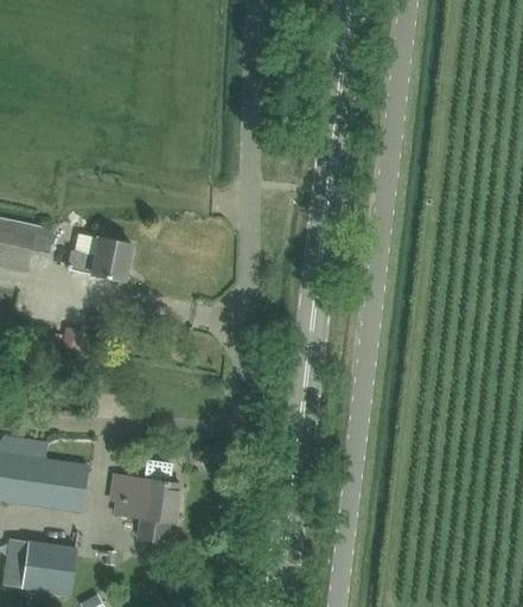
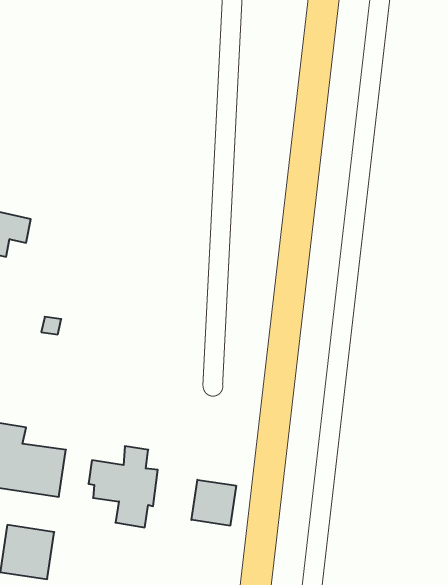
building: [66,234,132,281] -> none
building: none -> [191,480,236,526]

